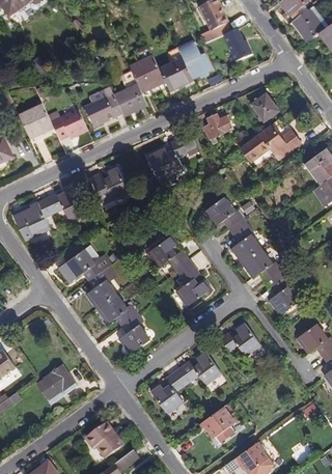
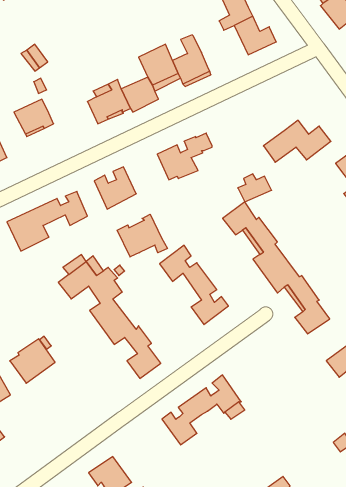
building: [178,41,212,78] -> none
building: [251,92,279,121] -> none
building: [49,108,88,139] -> none
building: [202,113,232,138] -> [238,174,272,202]
building: none -> [117,214,167,257]
building: [220,322,260,356] -> none
building: [36,364,77,403] -> [10,339,55,383]
building: [197,406,233,441] -> none

